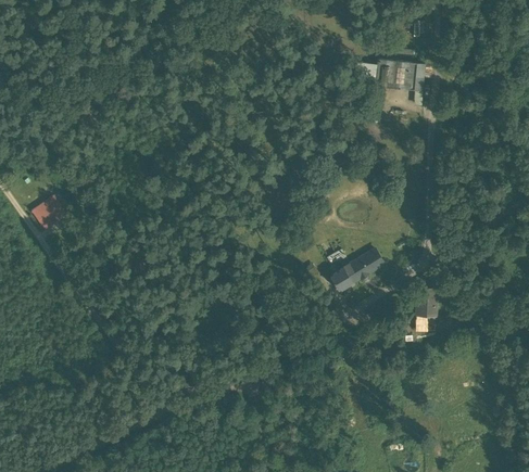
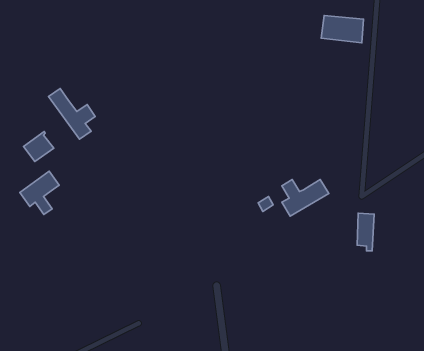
building: none -> [49,88,95,139]
building: none -> [20,171,59,214]

